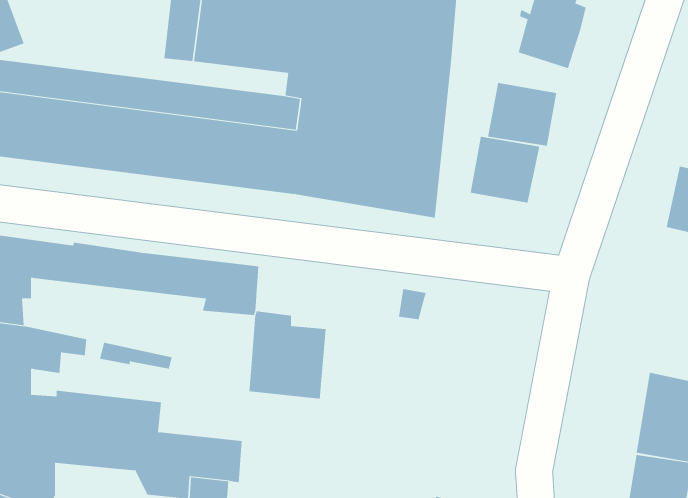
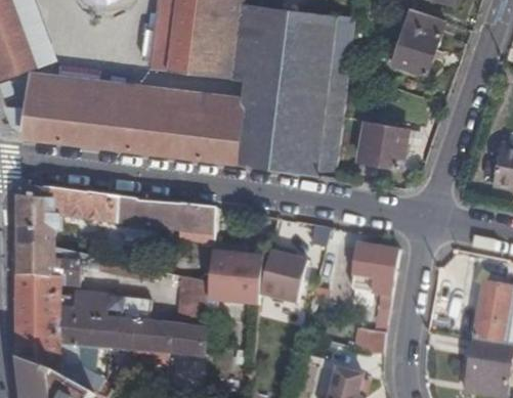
building: [487,82,557,146] -> none
building: none -> [350,247,397,355]
building: none -> [258,249,305,305]
building: none -> [175,278,208,325]

